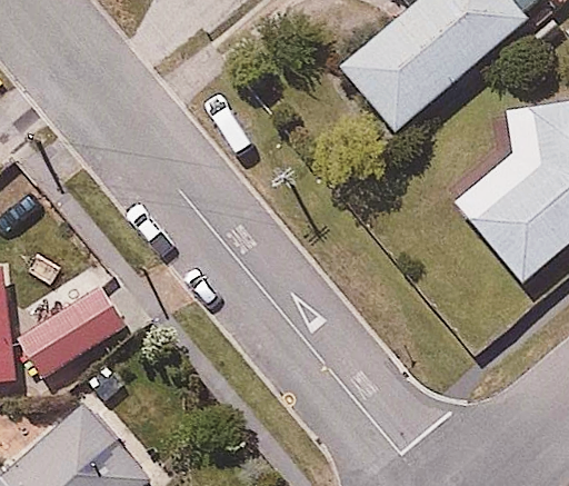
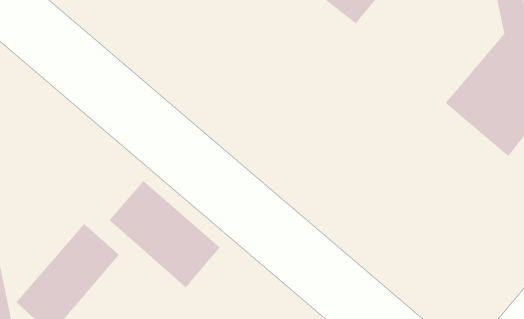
building: none -> [109,180,221,288]

